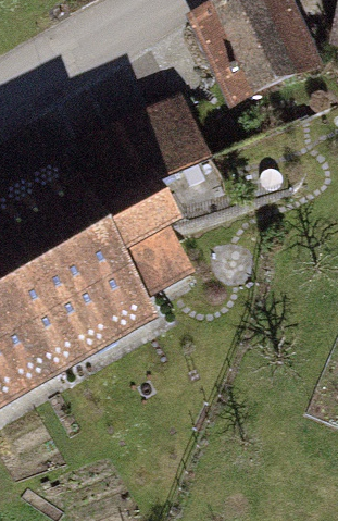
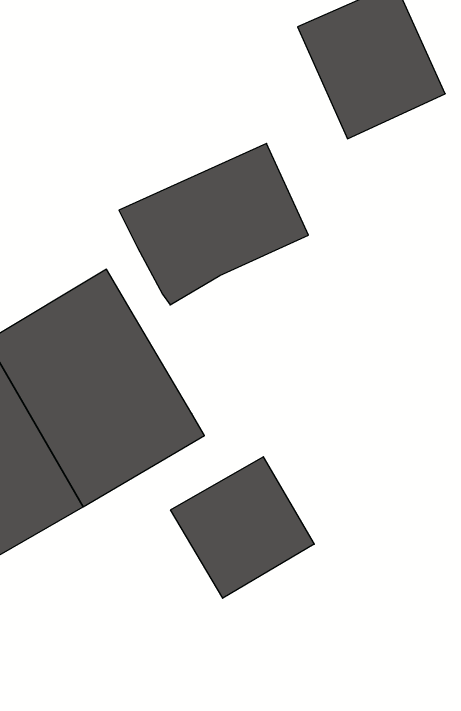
building: [96,206,190,302] -> none
building: none -> [171,457,314,598]

